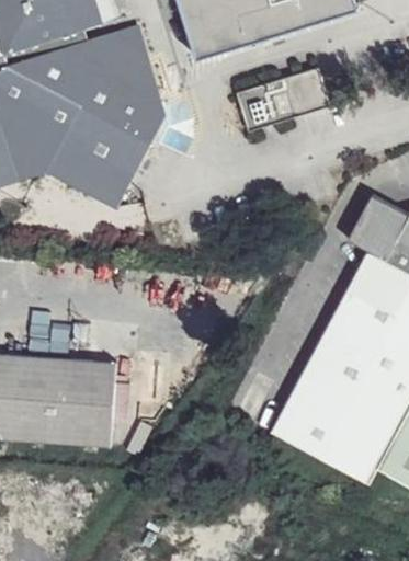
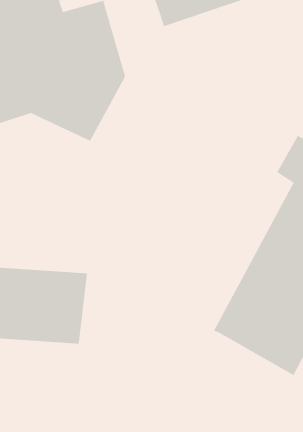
building: [236,67,329,130] -> none

